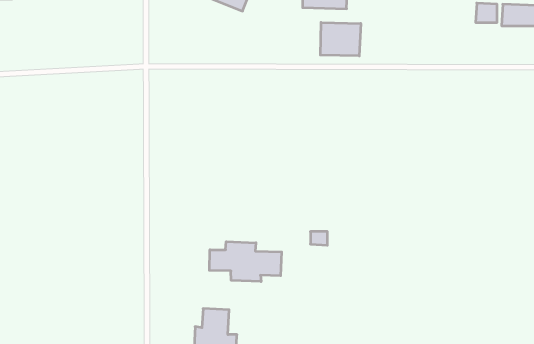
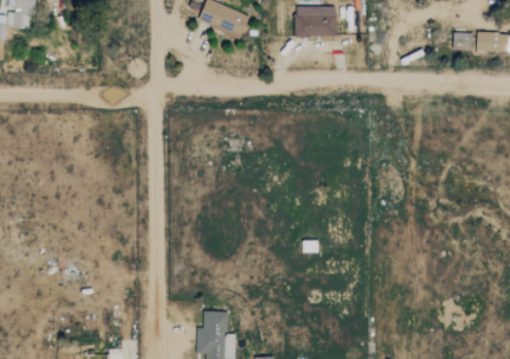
building: [320,22,361,56] -> none
building: [209,242,282,282] -> none

